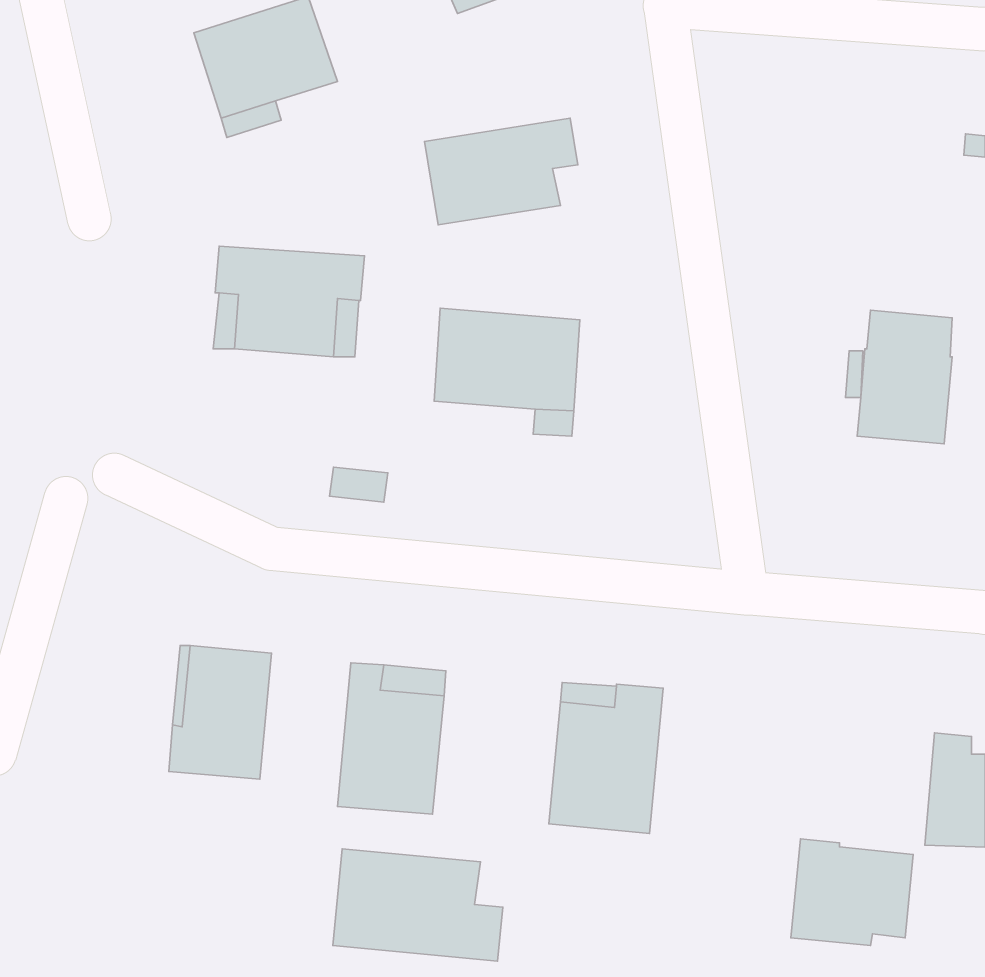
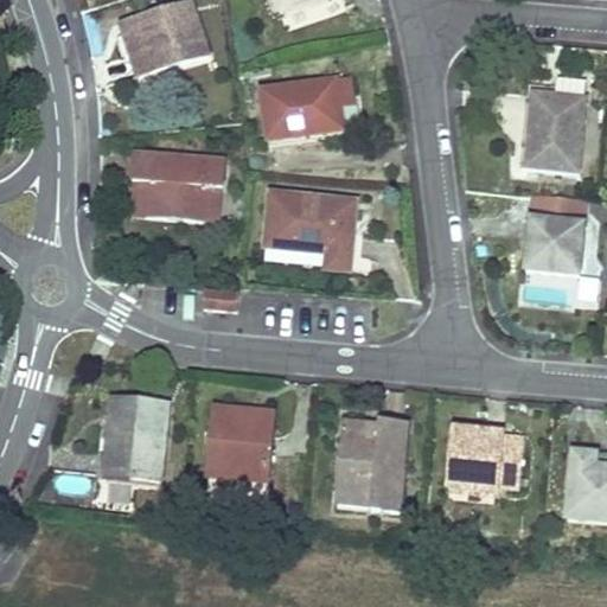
building: none -> [525,74,584,170]
building: [791,839,913,946] -> [447,424,522,490]
building: [333,849,503,961] -> none

